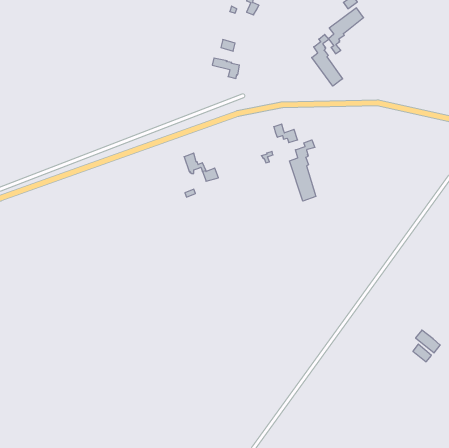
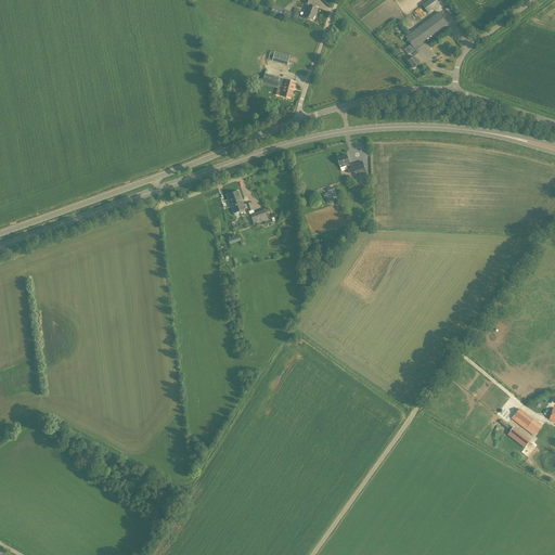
building: [312,34,343,86] -> none
building: [289,140,316,201] -> none

